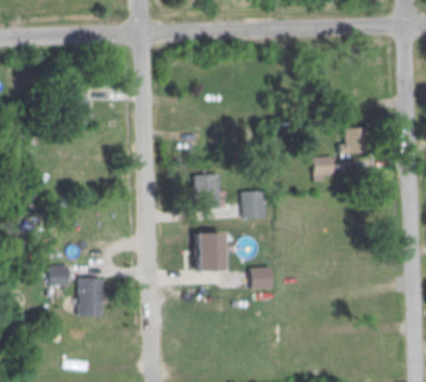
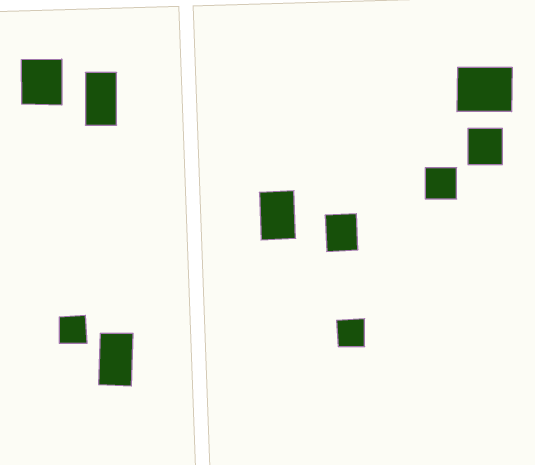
building: none -> [22,59,62,105]
building: none -> [457,67,512,112]
building: [195,231,224,270] -> none

